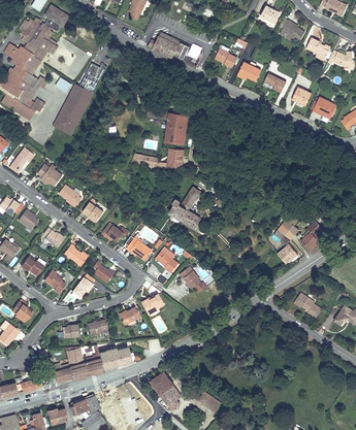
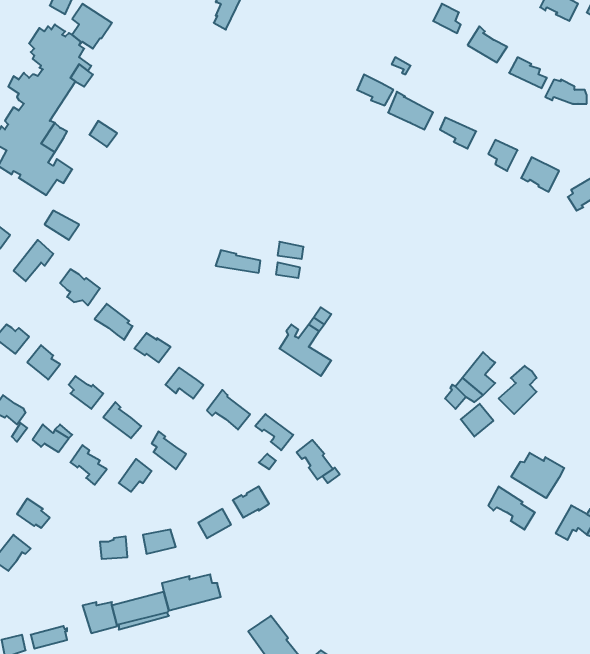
building: [149,31,188,59] -> none
building: [58,63,107,134] -> none
building: [145,107,188,144] -> none
building: none -> [511,453,564,498]

